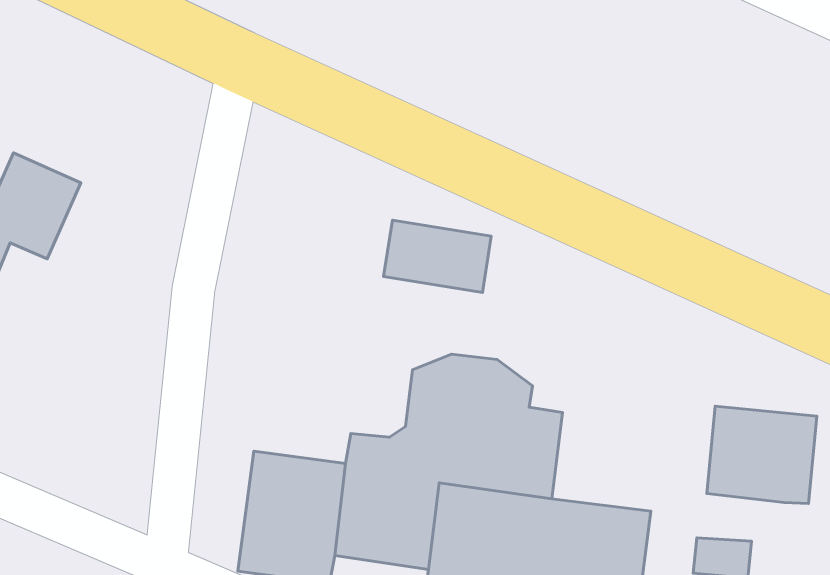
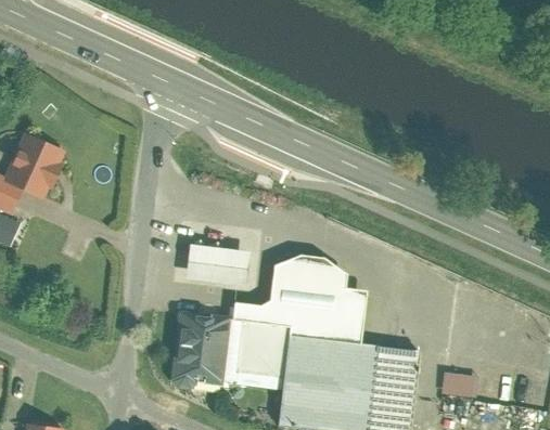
building: [384,220,491,293] -> [181,244,247,288]
building: [707,406,817,504] -> none

